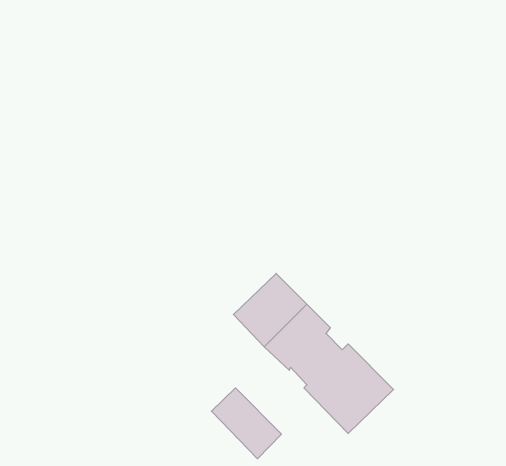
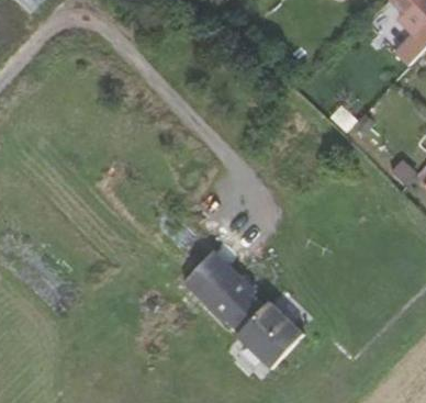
building: [211,388,281,459] -> none

